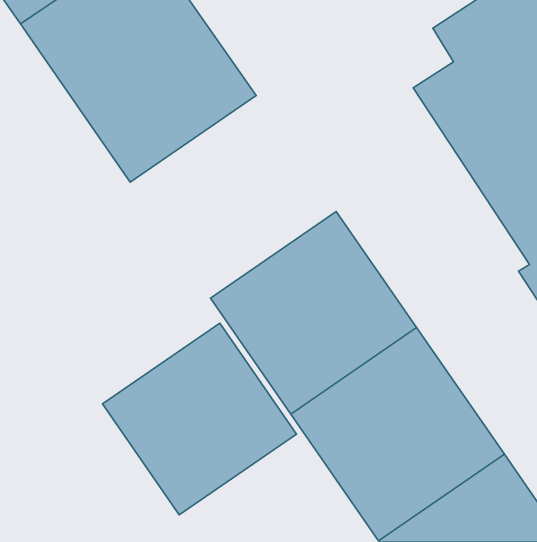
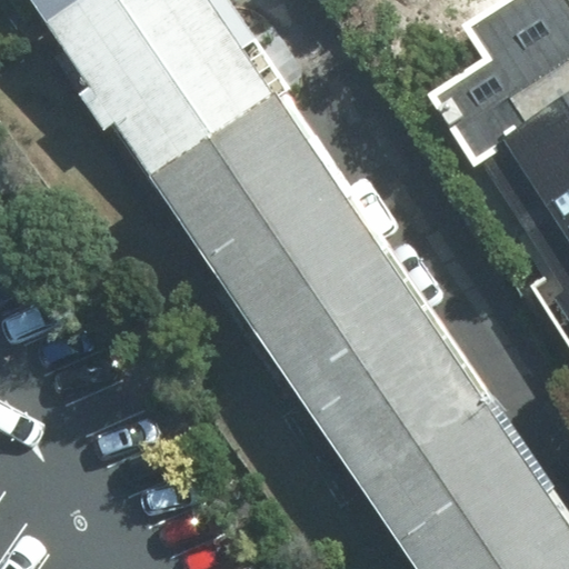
building: none -> [151,98,362,306]
building: [103,323,297,515] -> none

